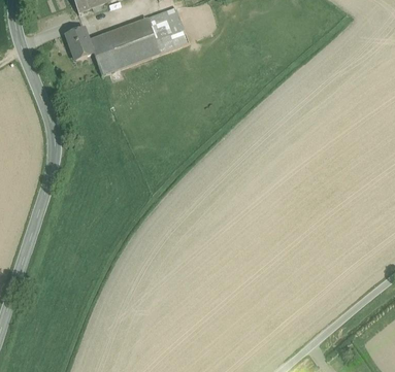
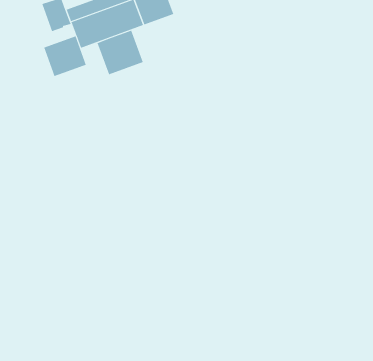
building: none -> [97,30,143,75]
building: none -> [44,36,86,77]

